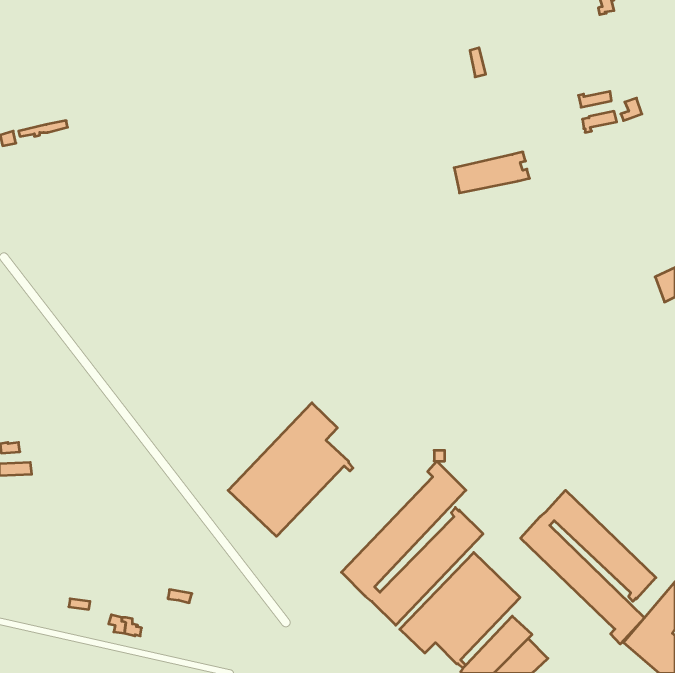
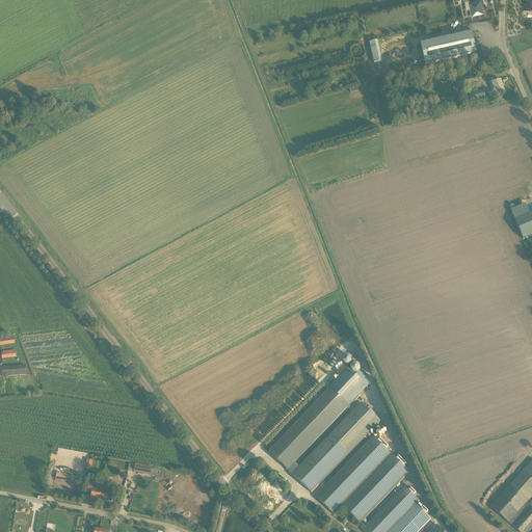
building: [454,152,530,193] -> [420,29,479,61]
building: [228,403,353,536] -> none
building: [521,490,656,644] -> none

